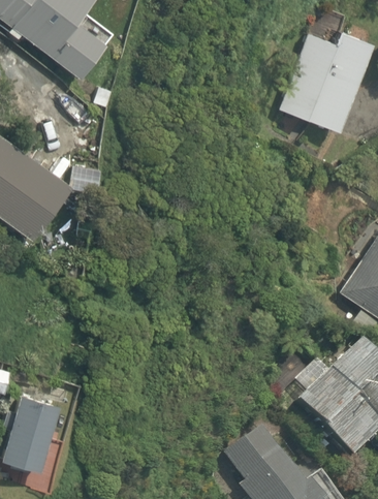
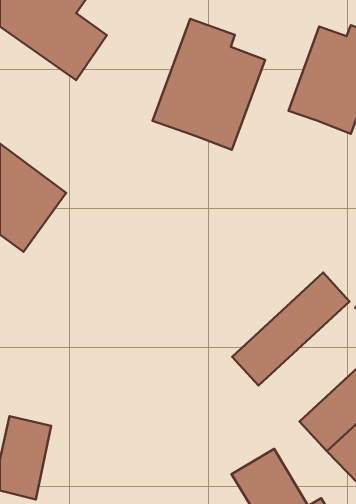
building: none -> [153,19,265,150]
building: none -> [232,273,350,386]

